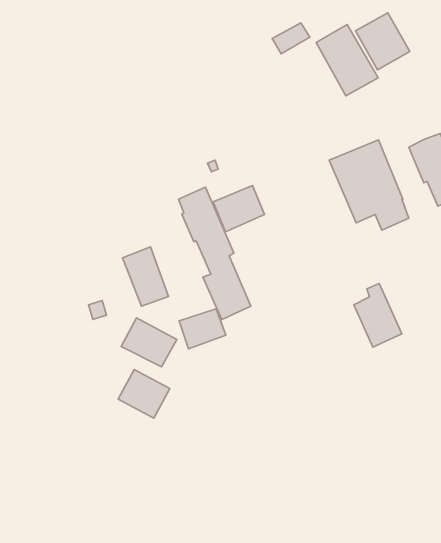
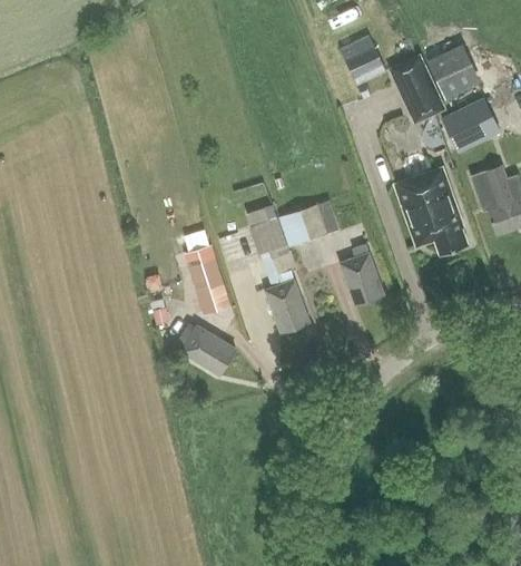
building: none -> [441,98,500,154]
building: [354,284,402,347] -> [341,244,385,305]
building: [179,309,226,349] -> none
building: [118,370,170,418] -> none

